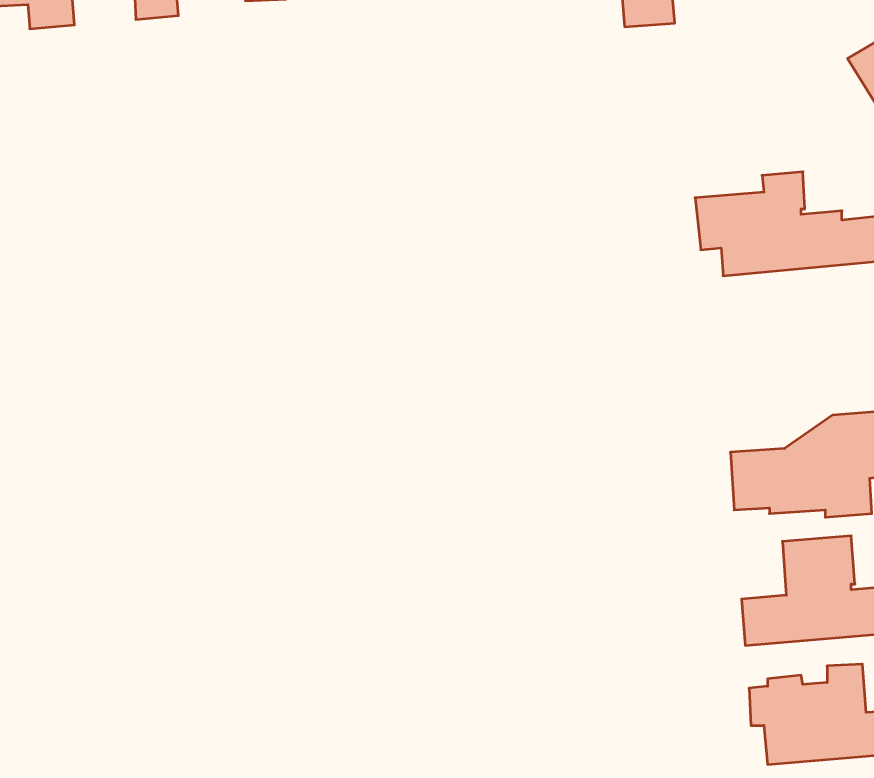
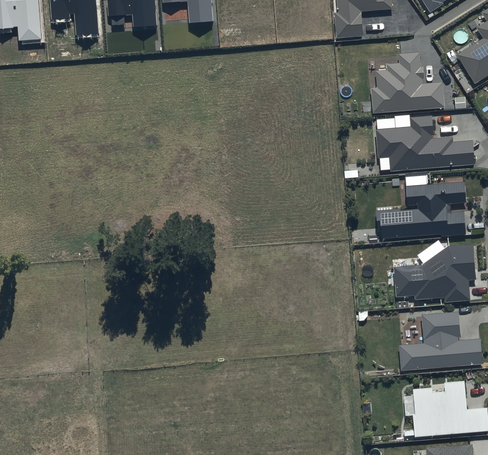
building: none -> [366,47,445,110]
building: none -> [377,176,467,239]

